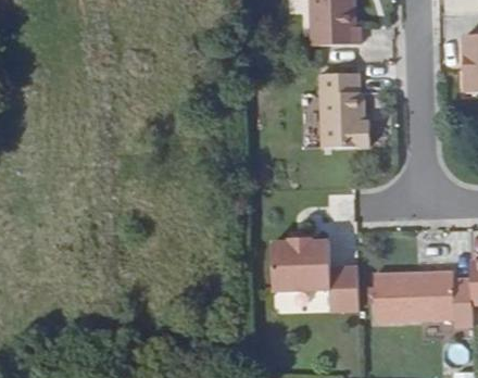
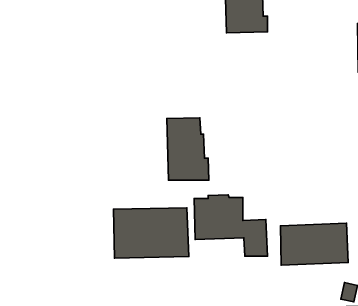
building: [319,73,369,147] -> [167,118,209,180]
building: none -> [114,208,189,258]

